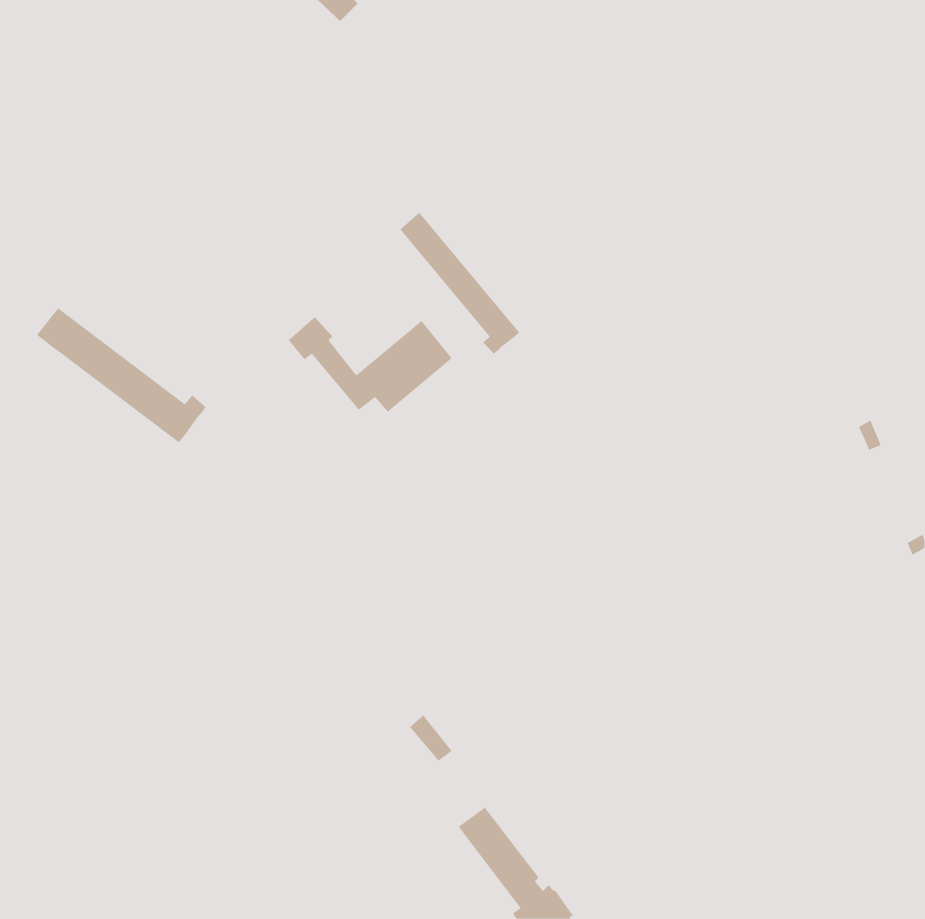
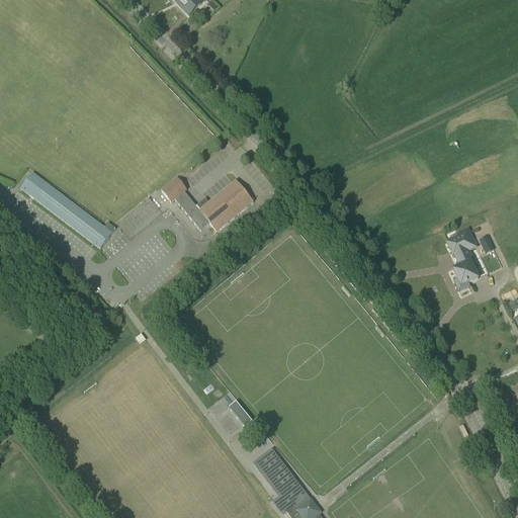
building: [400,212,520,354] -> none
building: none -> [446,228,479,290]

